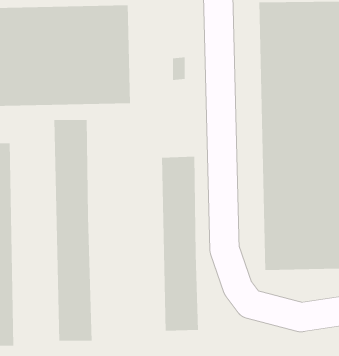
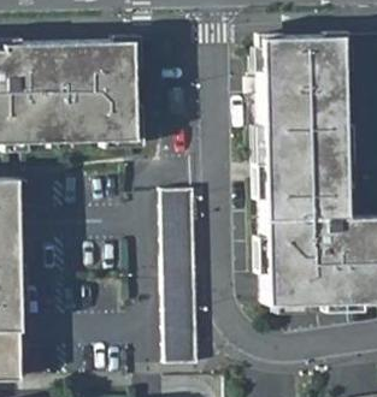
building: [53,119,93,342] -> none

